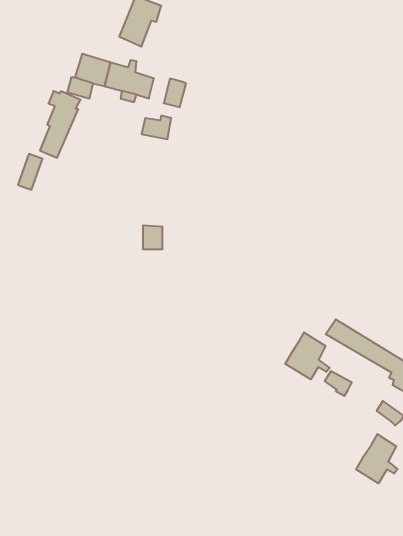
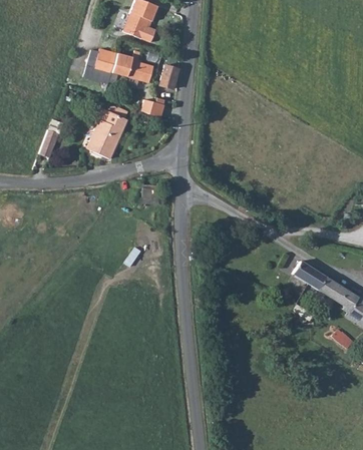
building: [40,91,81,158] -> [95,104,128,158]
building: [285,332,330,379] -> none
building: [356,434,398,483] -> none

